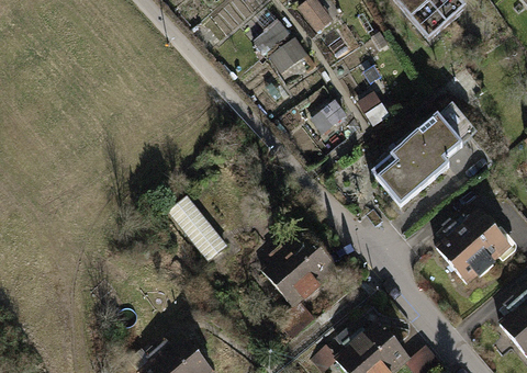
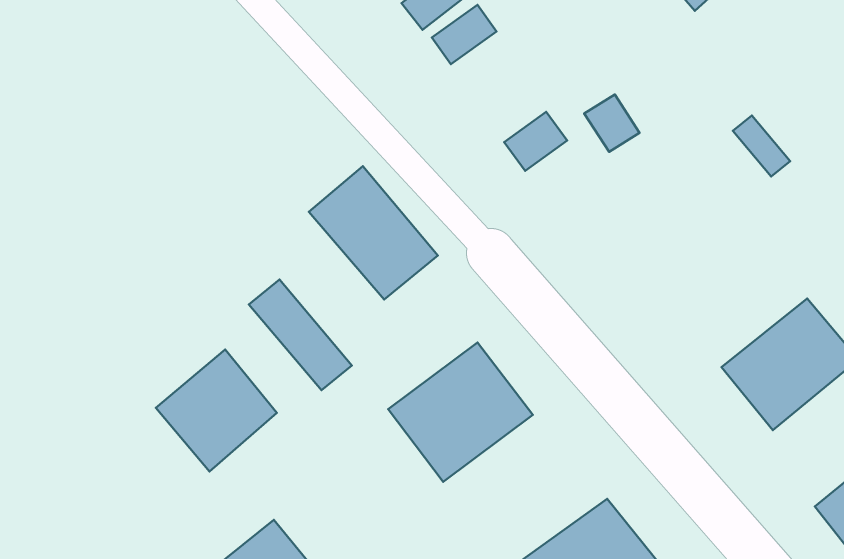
building: [371,114,458,203] -> none
building: none -> [309,166,438,299]
building: none -> [156,350,277,471]

